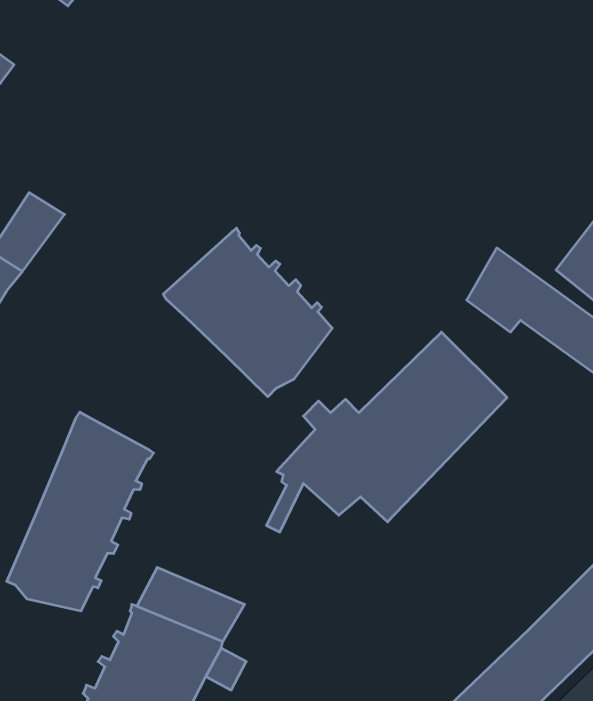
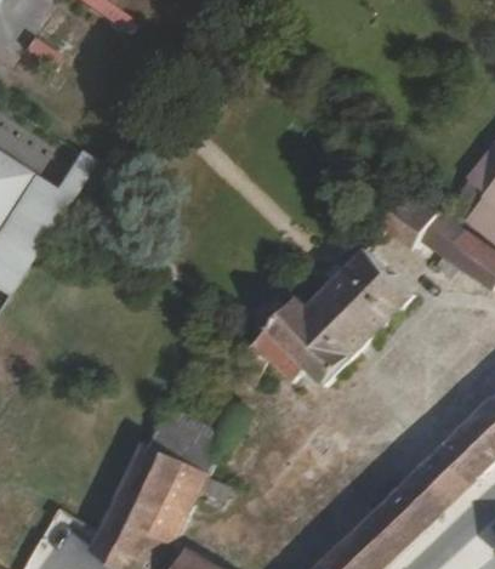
building: [163,228,332,397] -> none
building: [7,412,154,611] -> none

